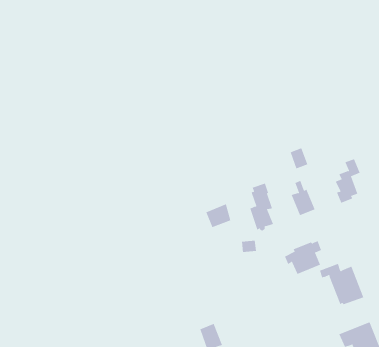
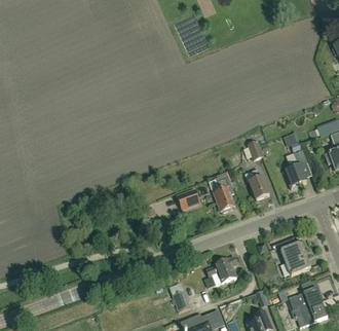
building: [284,241,322,275] -> [205,256,237,285]

